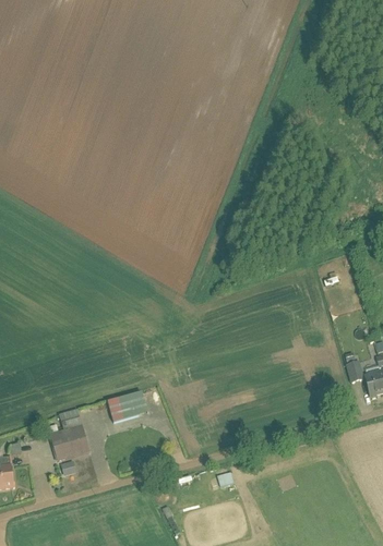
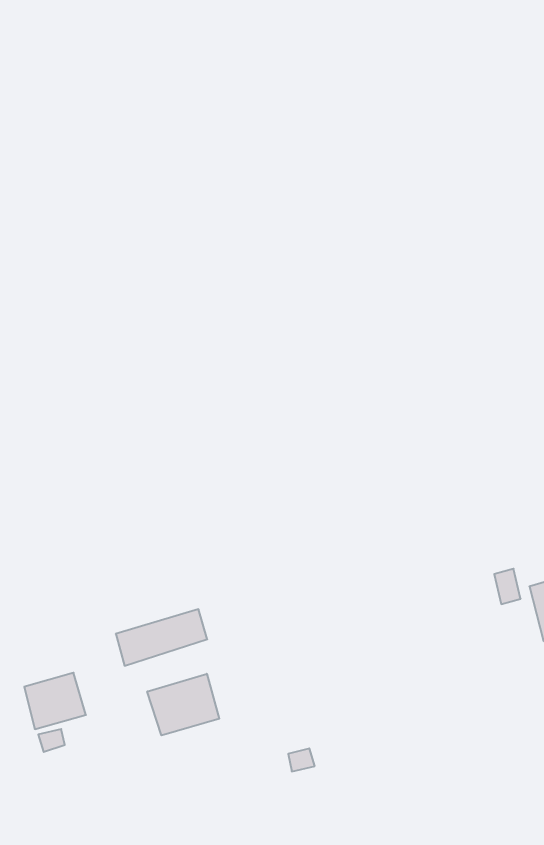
building: none -> [147,674,219,735]

